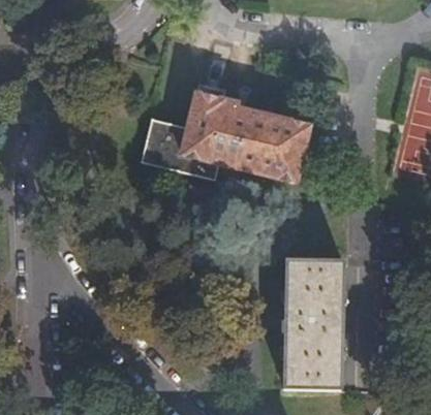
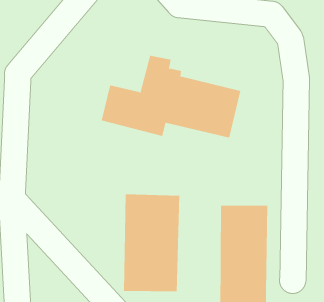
building: none -> [124,194,180,292]

